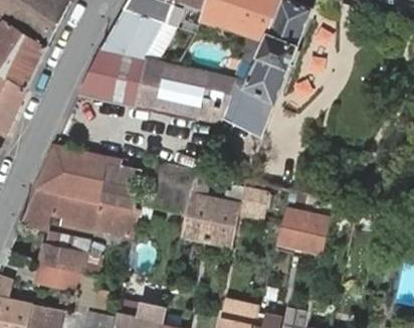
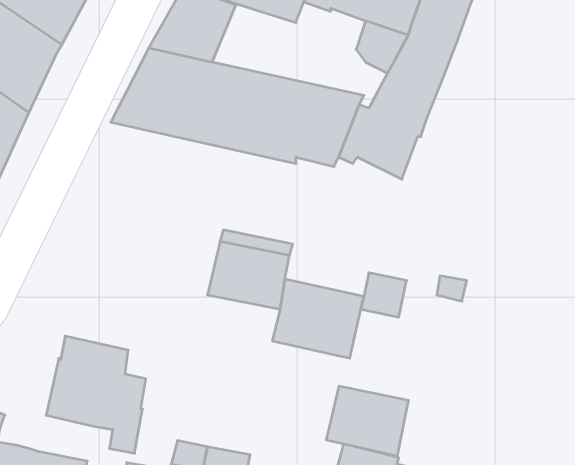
building: [19,146,142,239] -> none
building: [275,212,328,257] -> [326,386,409,456]

